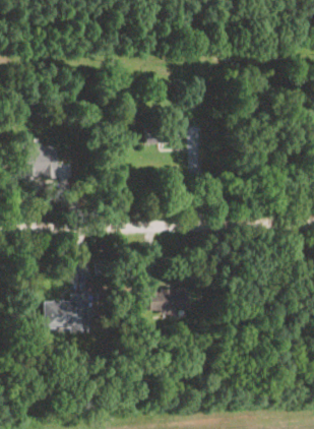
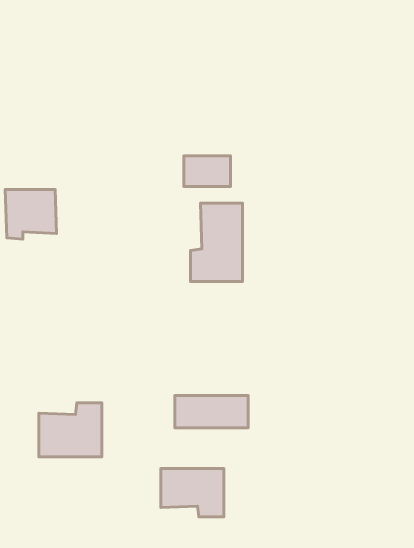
building: none -> [191,203,243,282]
building: none -> [161,469,224,517]

